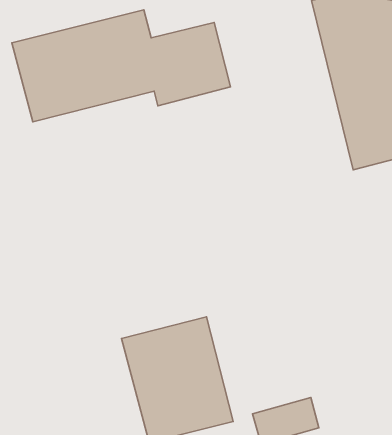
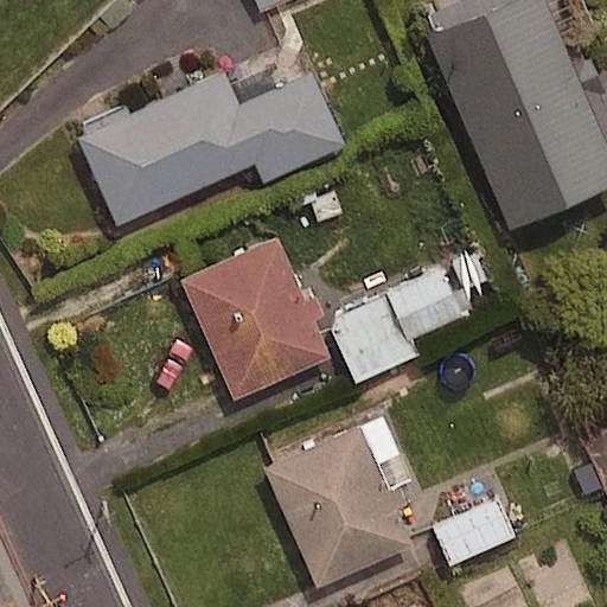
building: none -> [180,237,331,401]
building: none -> [328,260,486,385]

